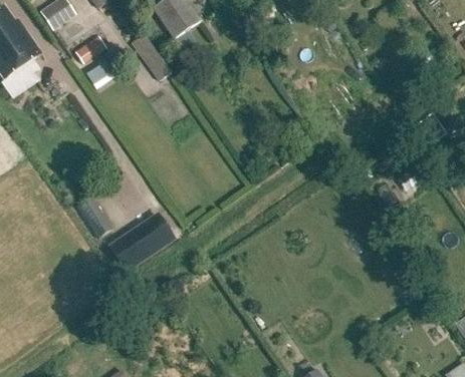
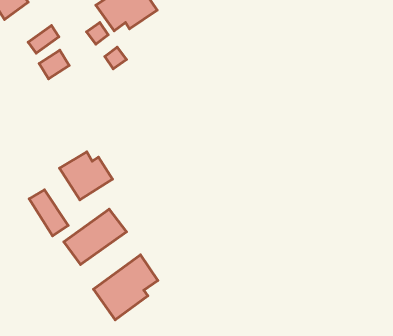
building: none -> [59,152,112,200]
building: none -> [93,255,158,320]

